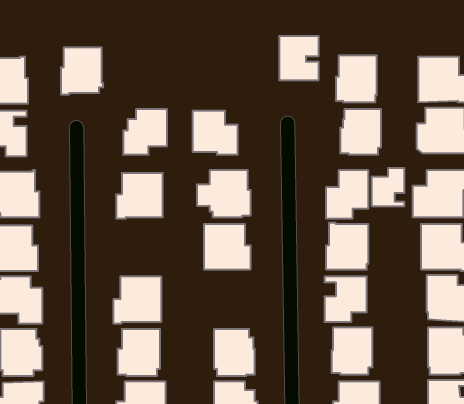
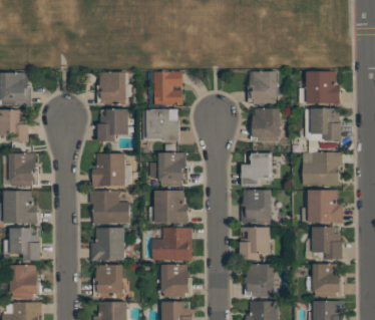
building: [279,36,319,80] -> [153,72,181,103]
building: [61,48,103,94] -> [97,72,127,105]
building: [372,168,404,206] -> none
building: none -> [89,191,129,224]
building: none -> [151,228,192,261]

